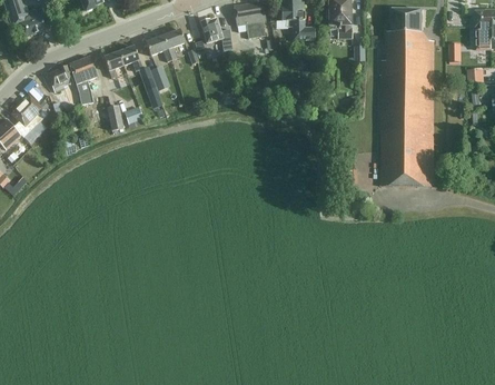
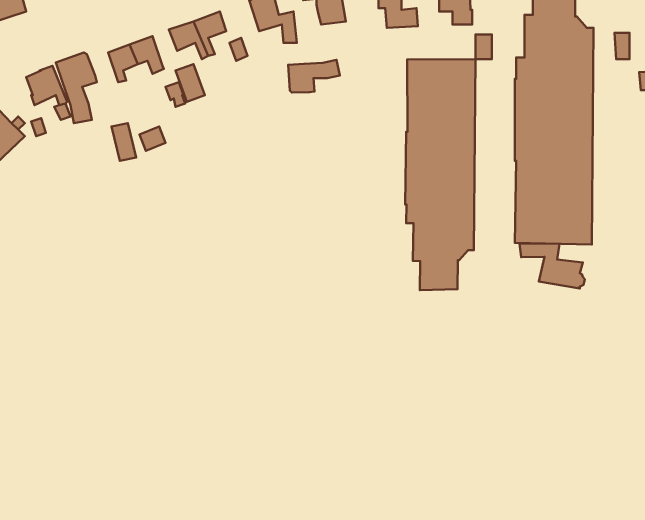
building: none -> [405,59,475,290]
building: none -> [288,60,340,93]
building: none -> [520,244,585,289]

